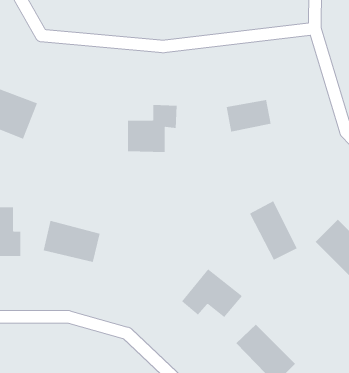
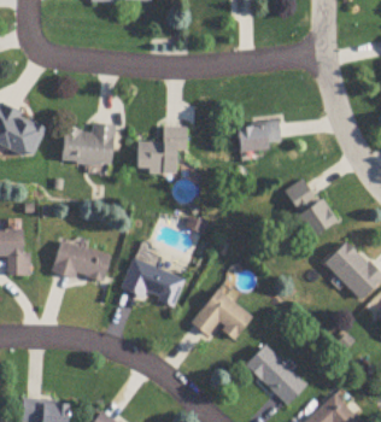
building: none -> [61,123,115,164]
building: [249,200,298,261] -> [283,177,332,238]
building: none -> [121,258,183,307]

